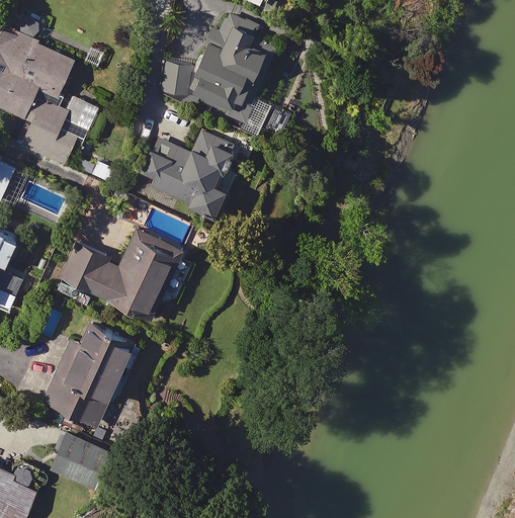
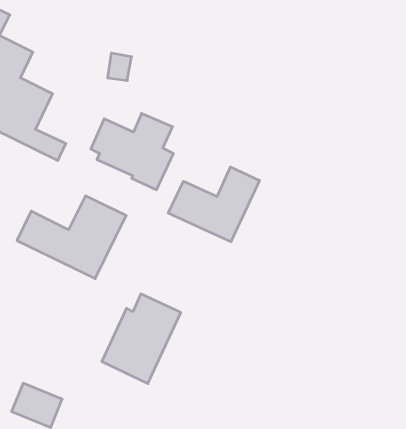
building: [187,13,286,135] -> none
building: none -> [168,167,259,242]
building: [42,325,133,427] -> [102,294,181,384]

